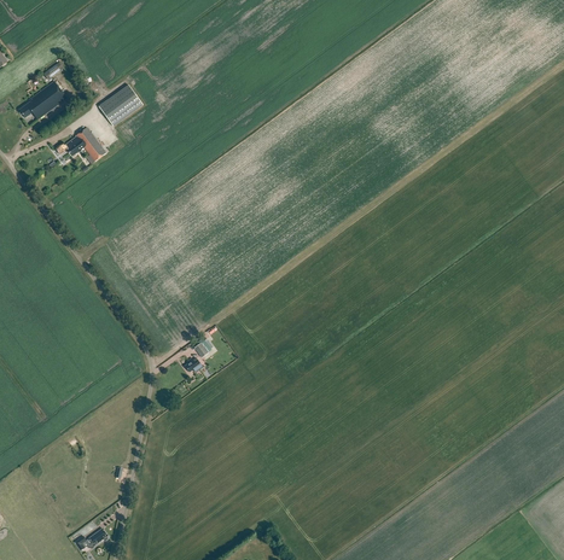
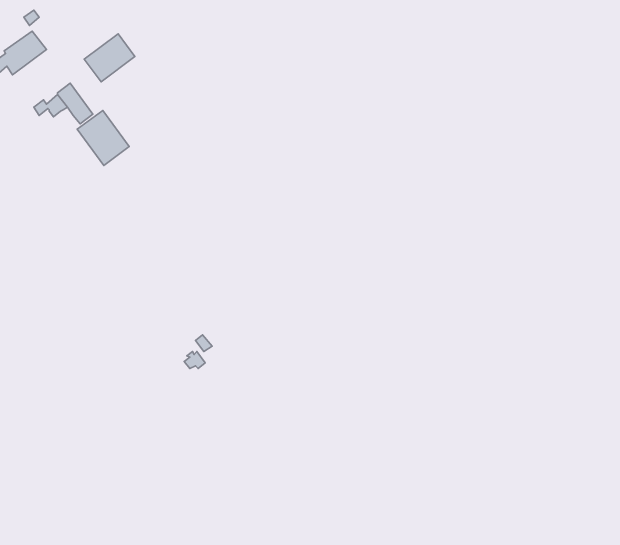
building: none -> [77,111,129,165]

